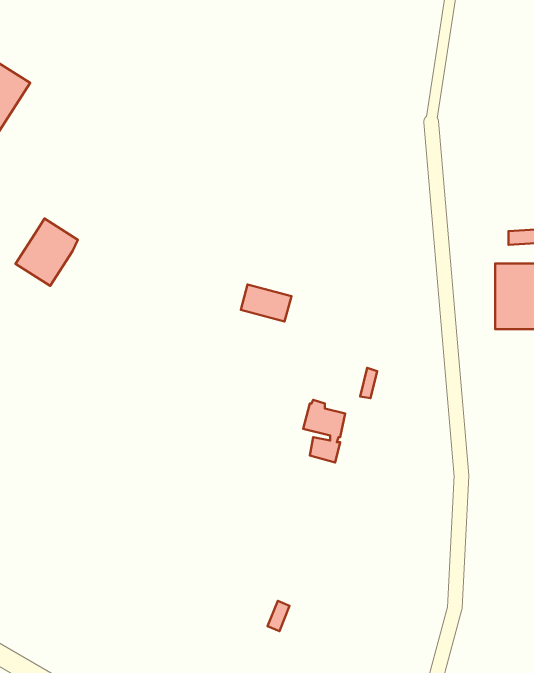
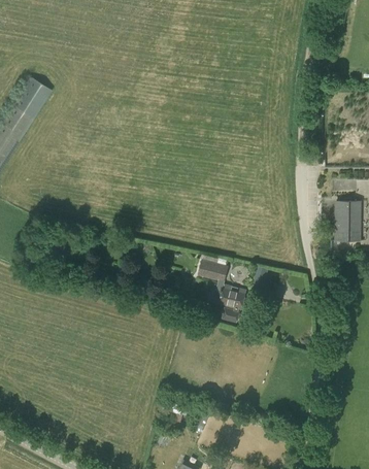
building: [16,219,78,286] -> none
building: [241,284,291,322] -> [197,259,228,281]

